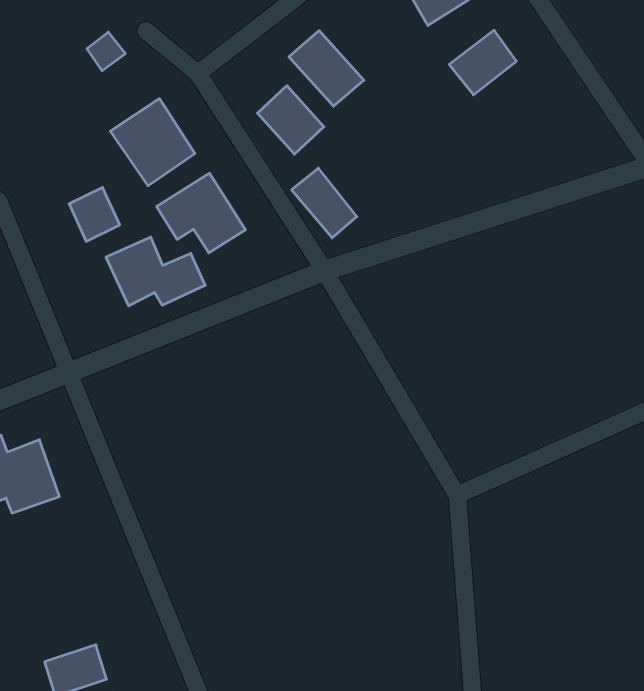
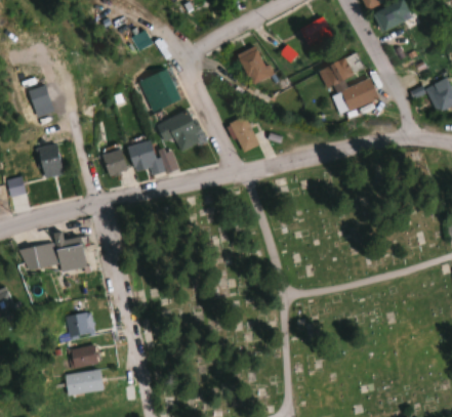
building: none -> [334,79,378,111]
building: [257,86,324,154] -> none
building: [69,187,120,241] -> [102,149,127,175]
building: none -> [66,312,94,342]

